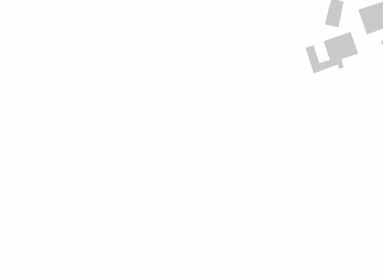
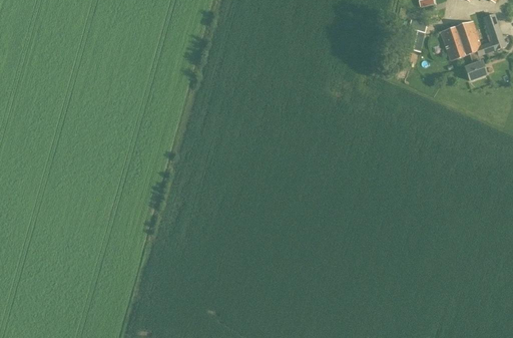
building: [304,31,359,74] -> none

